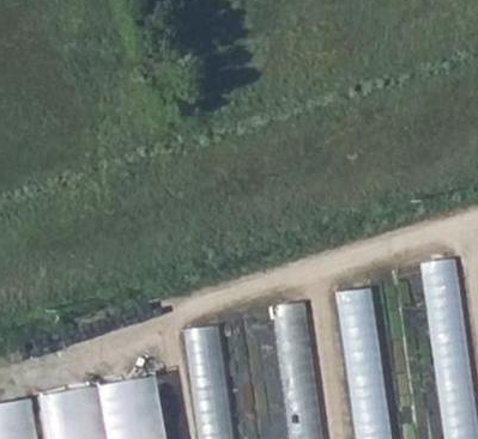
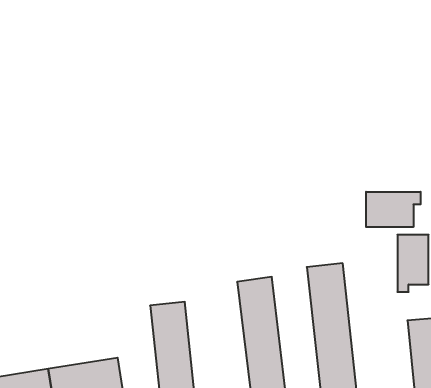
building: none -> [366,192,421,227]

